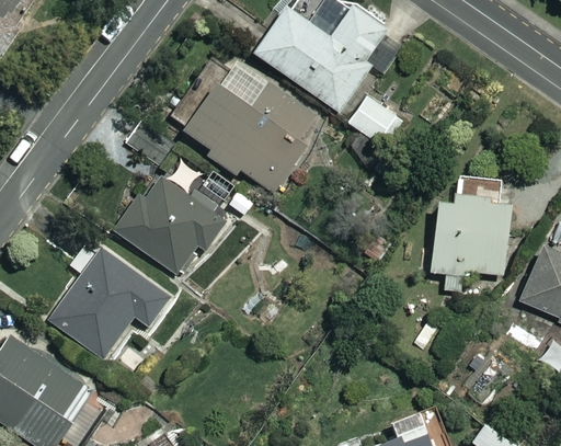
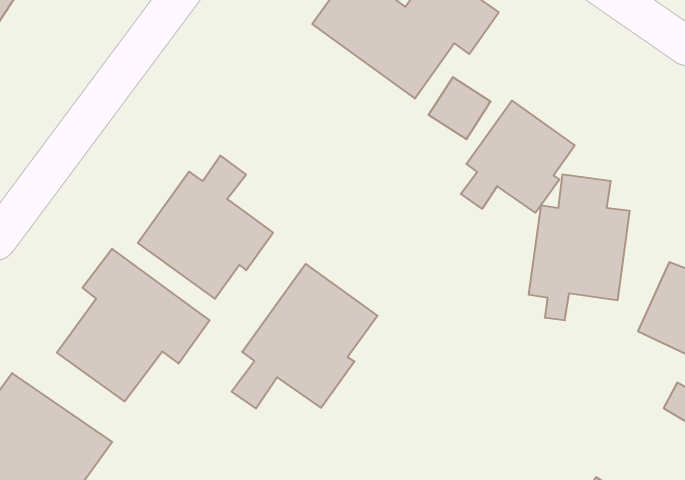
building: [185,58,319,193] -> none
building: none -> [461,101,575,213]
building: none -> [232,264,378,409]

